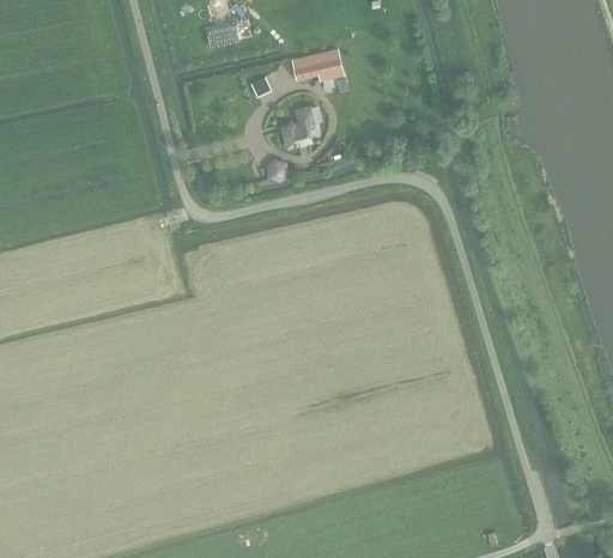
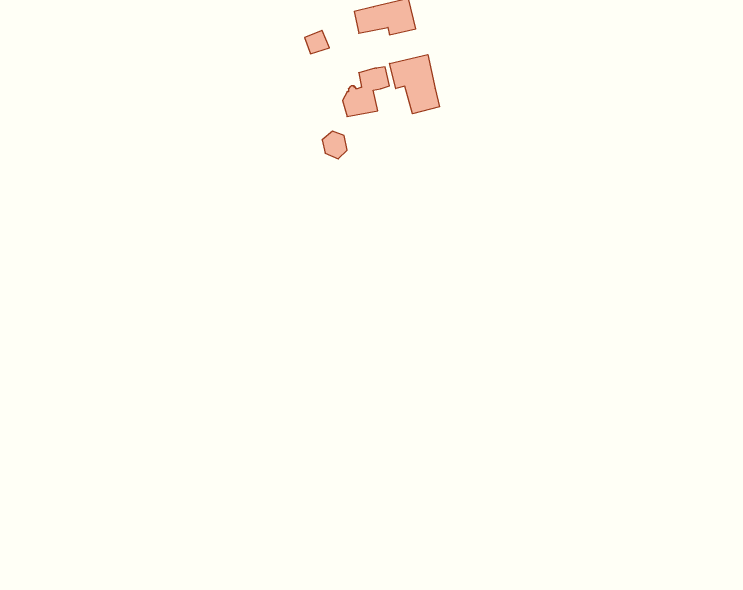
building: none -> [390,55,439,114]

